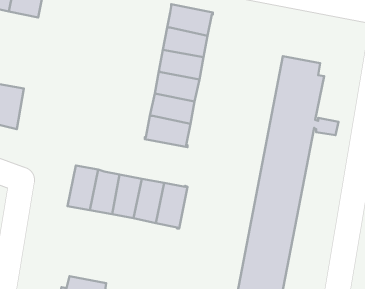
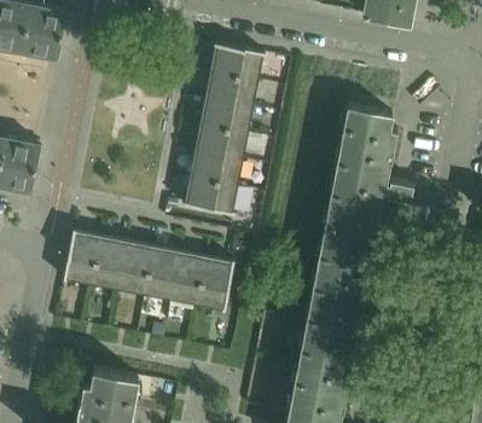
building: none -> [65,231,103,285]

